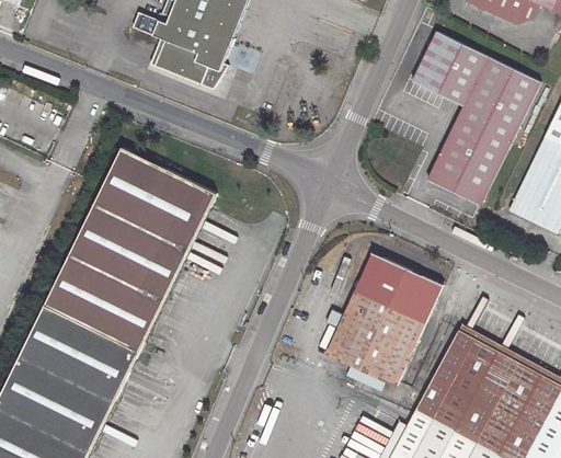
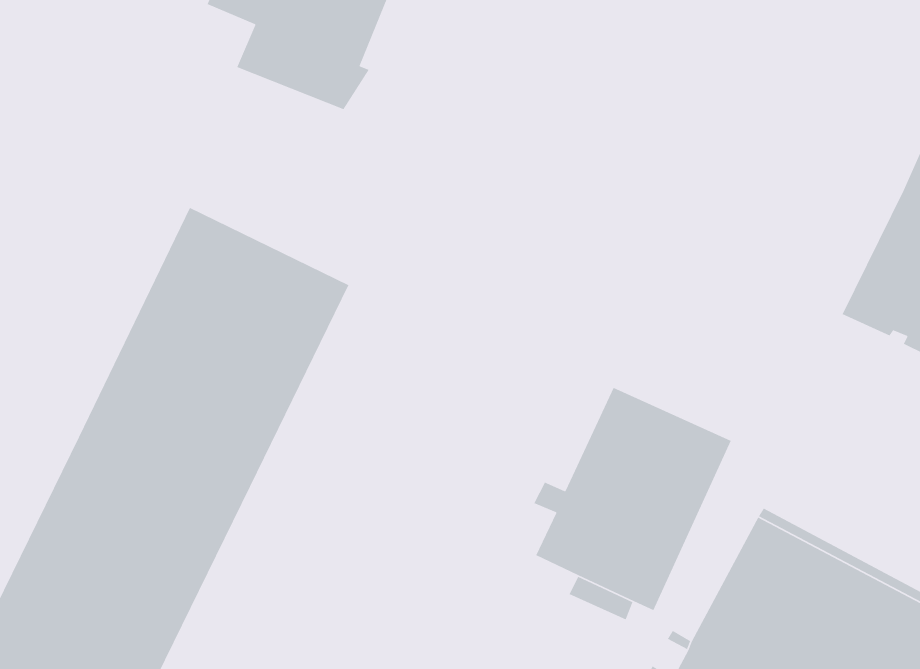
building: [411,32,538,205] -> none

